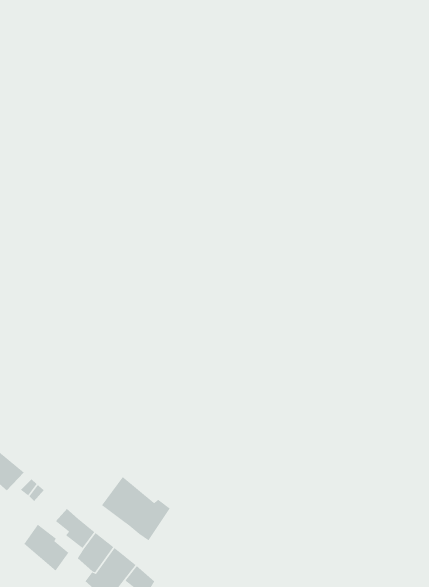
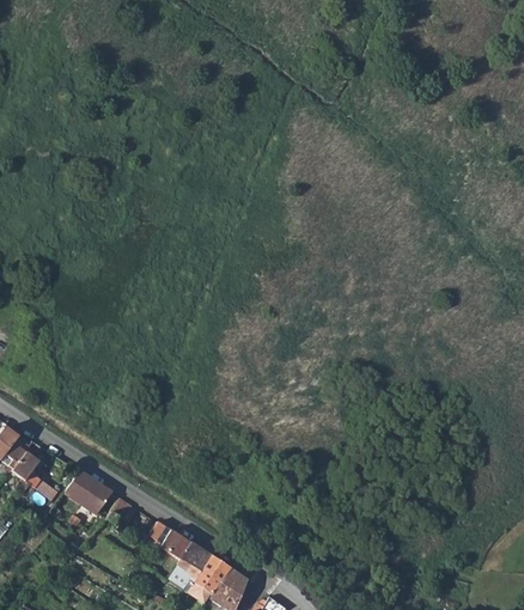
building: [101,476,170,541] -> none
building: [23,524,69,571] -> none

